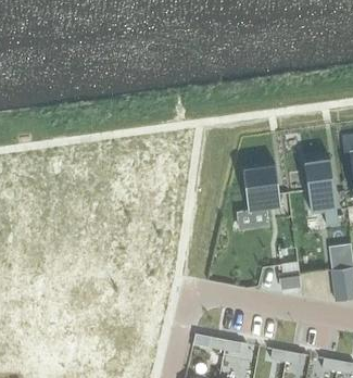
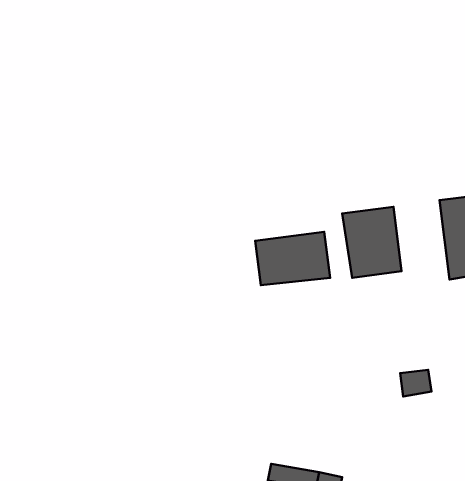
building: none -> [255,232,330,285]

